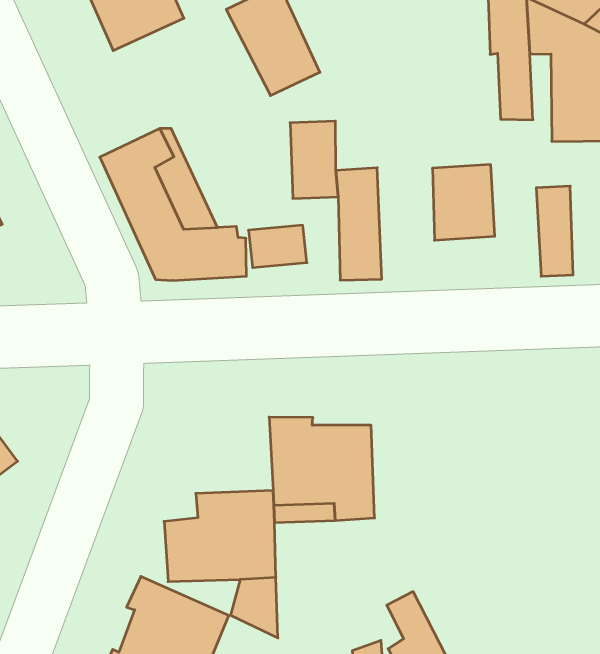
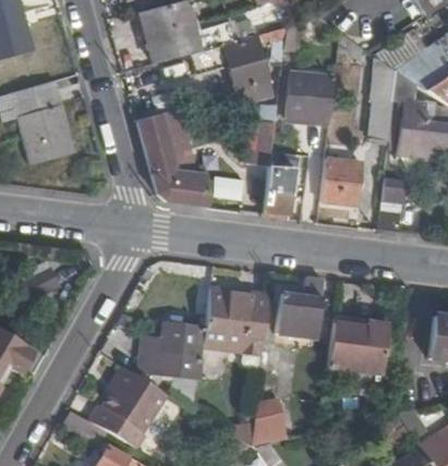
building: none -> [283,69,336,122]
building: none -> [276,277,322,338]
building: none -> [326,322,387,377]

